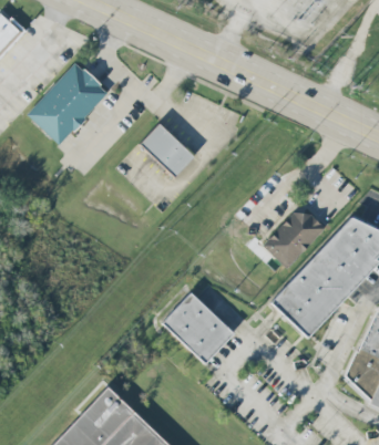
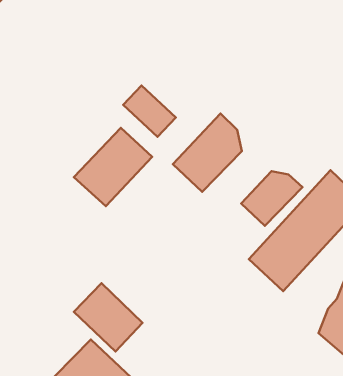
building: [28,64,109,145] -> [74,128,152,206]
building: none -> [173,113,242,192]
building: [164,293,235,364] -> [74,283,142,352]

